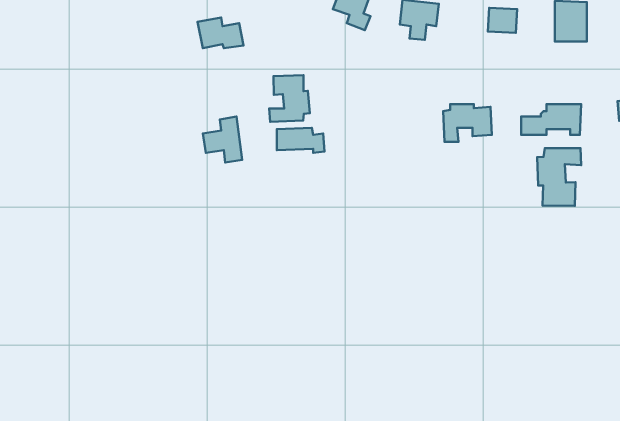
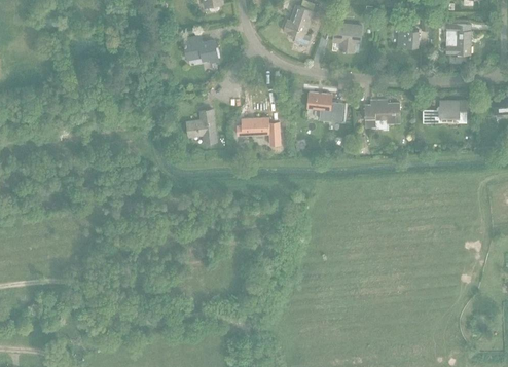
building: [269,75,310,122] -> none
building: none -> [305,93,342,121]
building: [537,148,581,206] -> none

